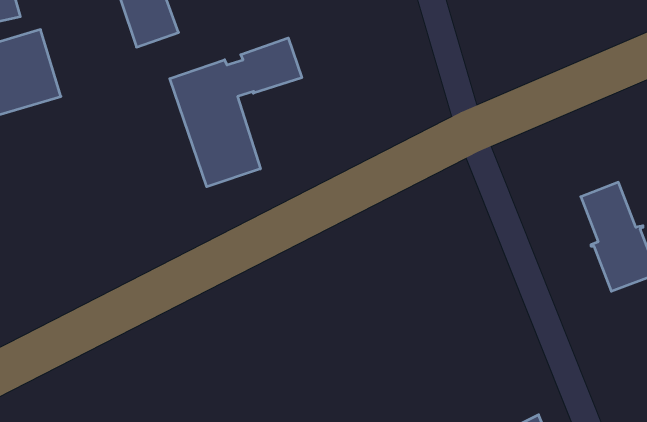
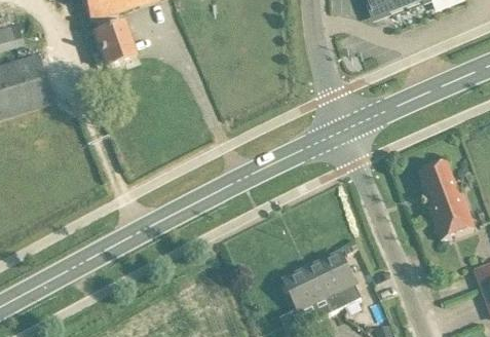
building: [170,38,302,187] -> none
building: none -> [284,252,361,323]

